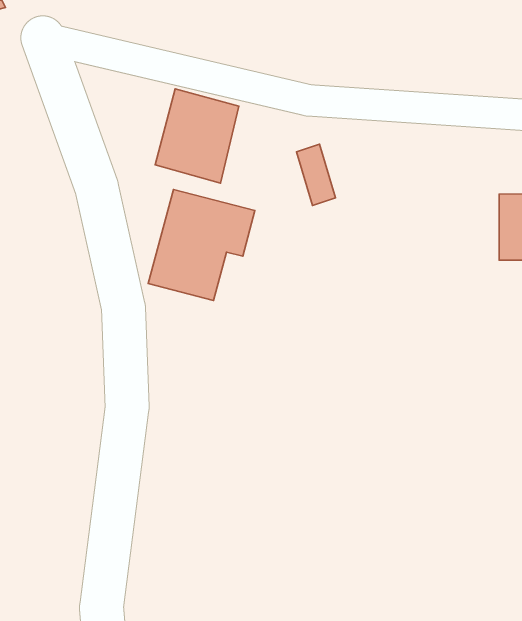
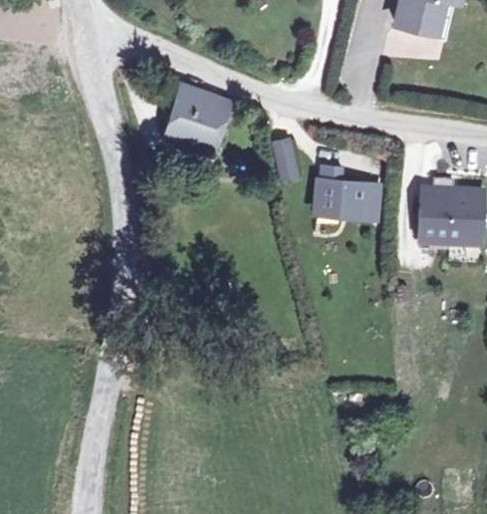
building: [148,189,255,301] -> none
building: none -> [317,180,377,219]

